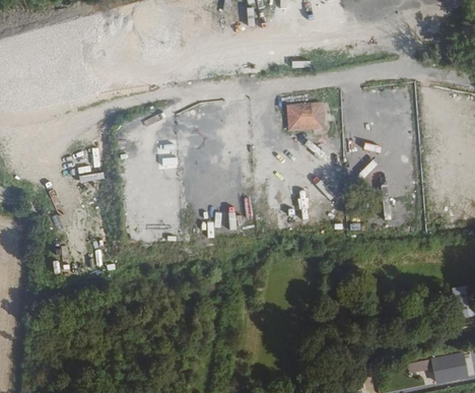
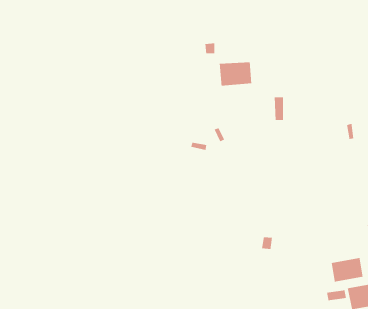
building: none -> [331,257,363,282]

